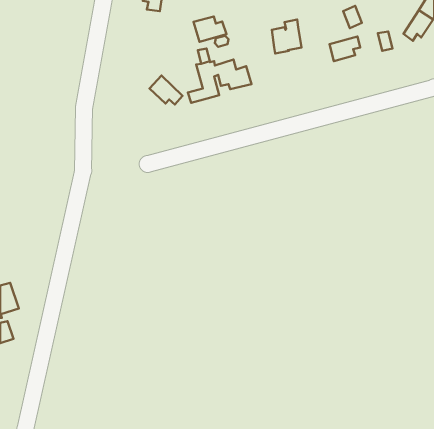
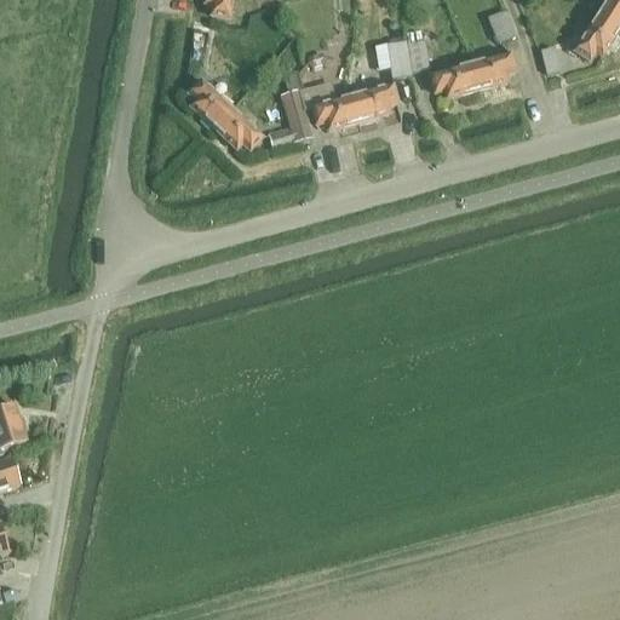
building: [194,16,226,42] -> none
building: none -> [429,63,476,96]
building: none -> [188,79,230,126]
building: none -> [351,84,396,120]

